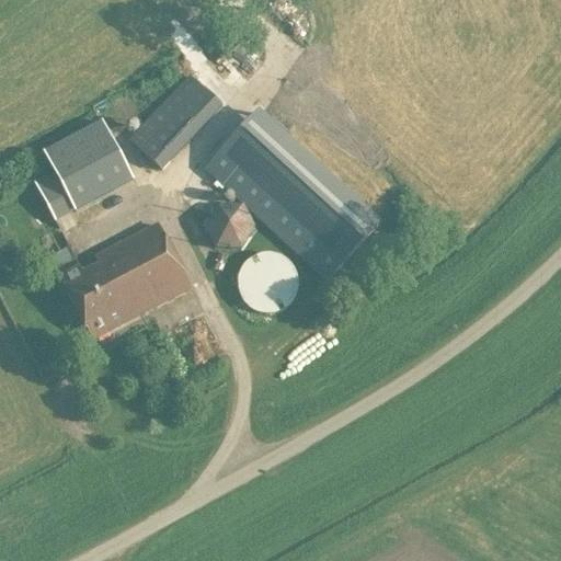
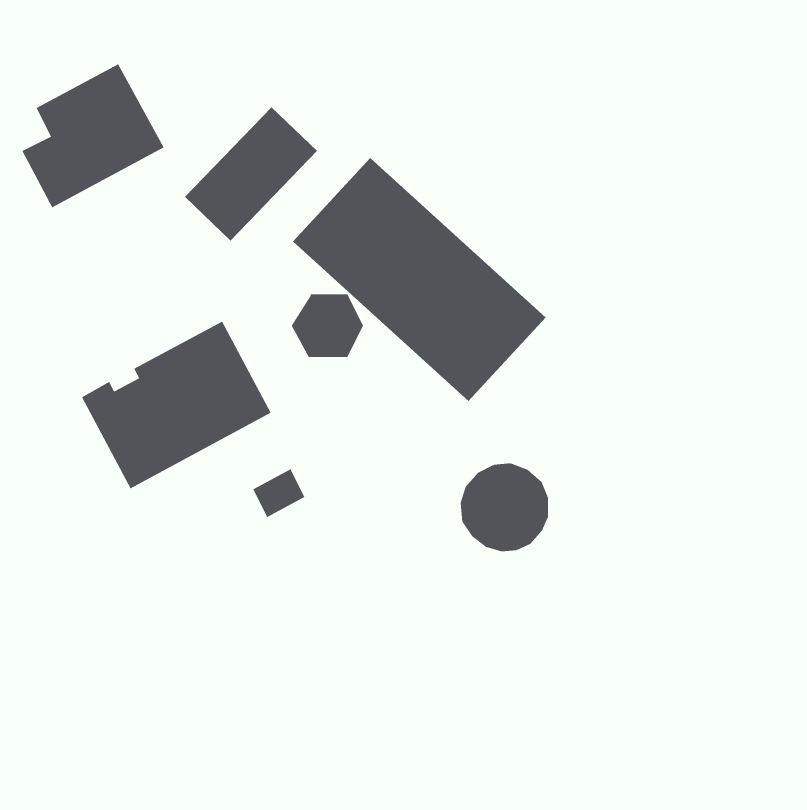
building: [35,121,134,220] -> [22,63,165,208]
building: [236,251,297,312] -> [460,463,549,552]

